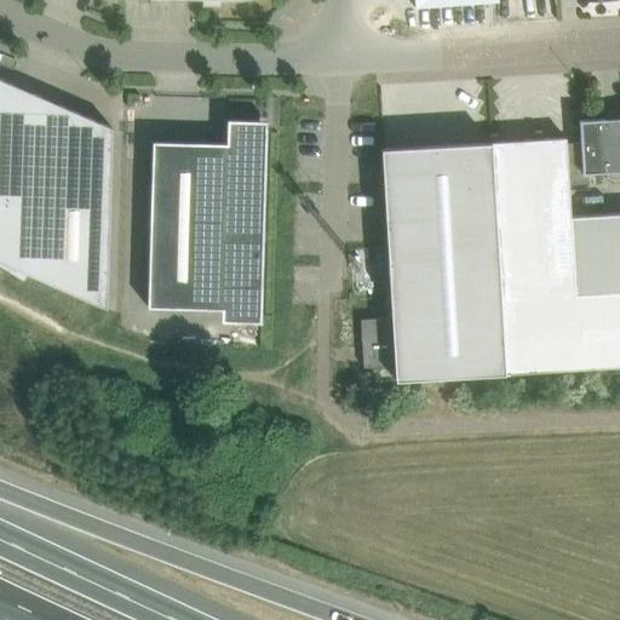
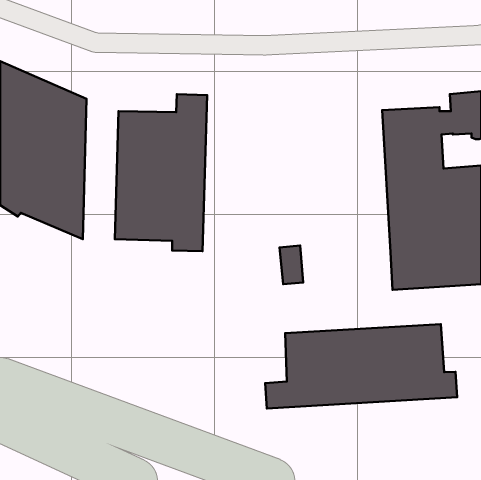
building: [381,143,505,381] -> none
building: none -> [265,324,457,409]

